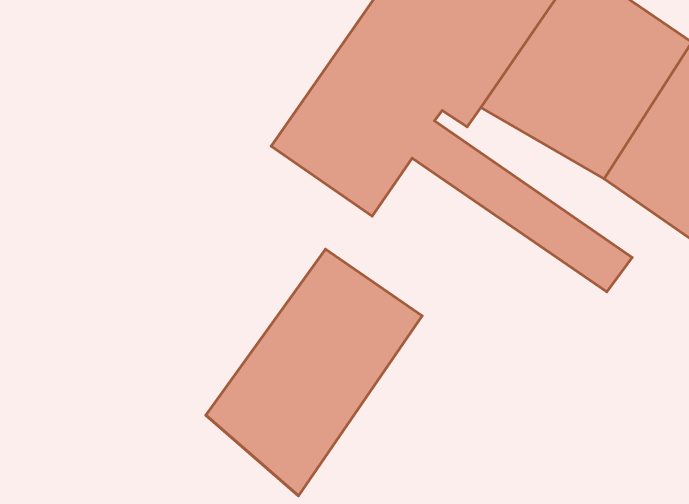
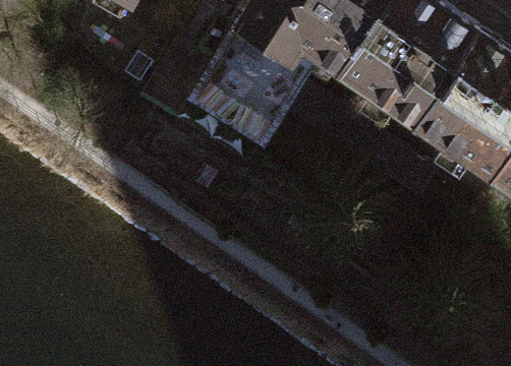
building: [206,249,422,496] -> none

